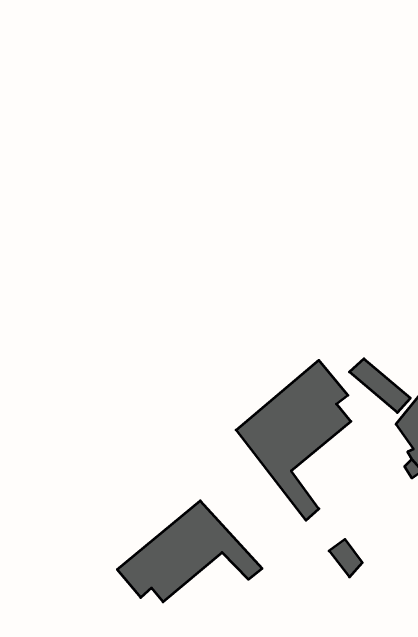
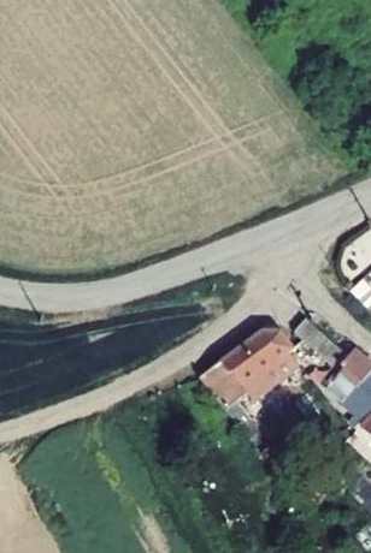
building: [117,501,262,602] -> none

